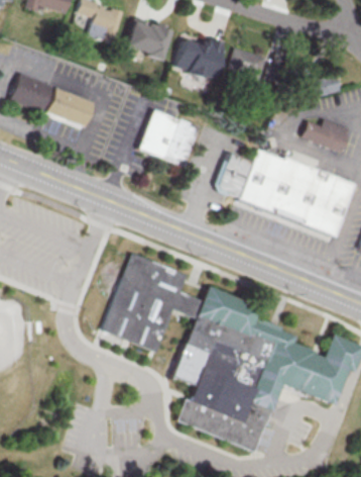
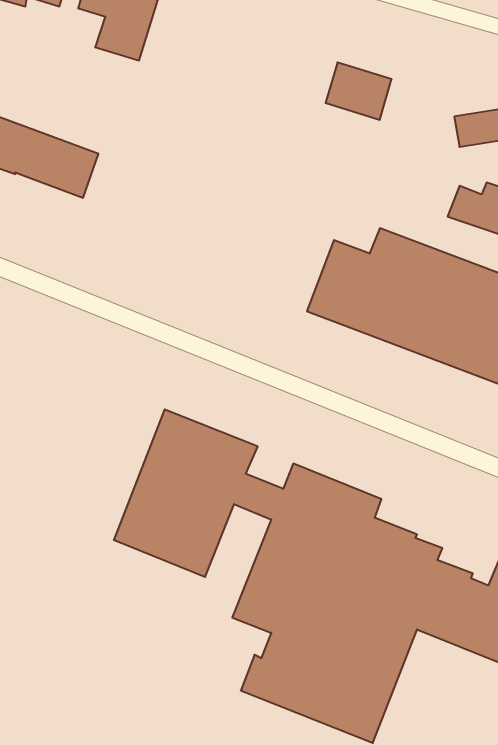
building: [124,18,173,65] -> none
building: [176,35,228,85] -> none
building: [137,108,197,165] -> none

